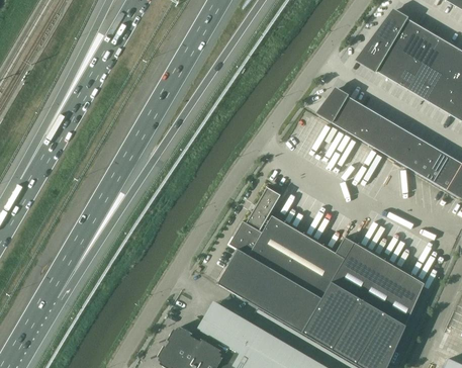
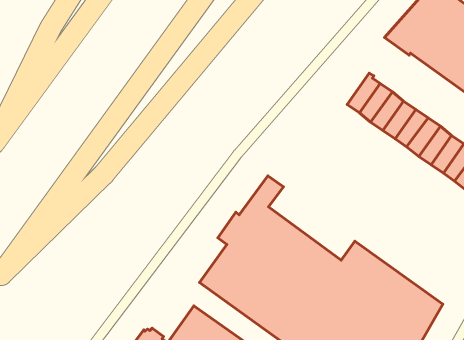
building: [315,87,345,121] -> none

